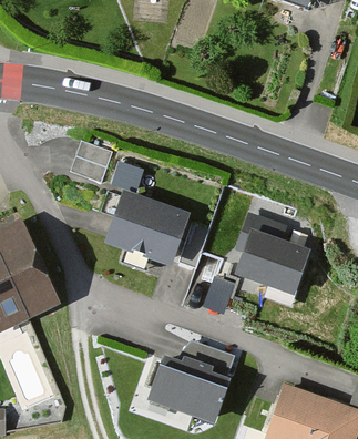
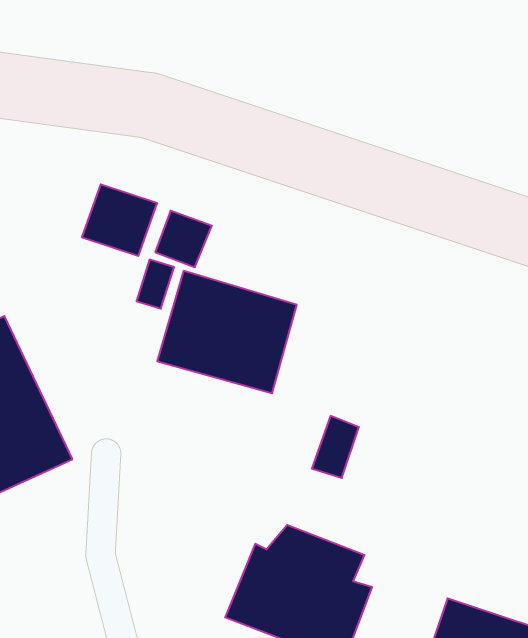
building: [239,233,309,294] -> none

